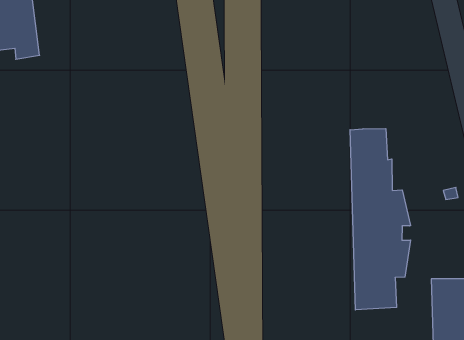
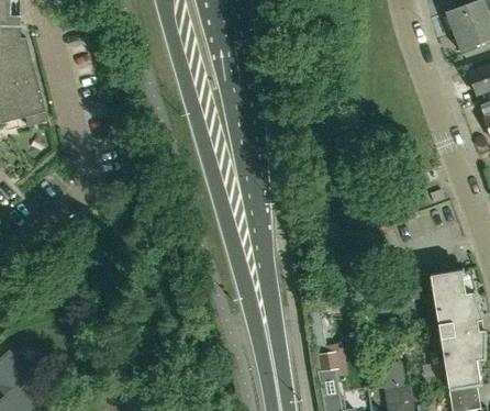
building: [350,129,411,310] -> none

